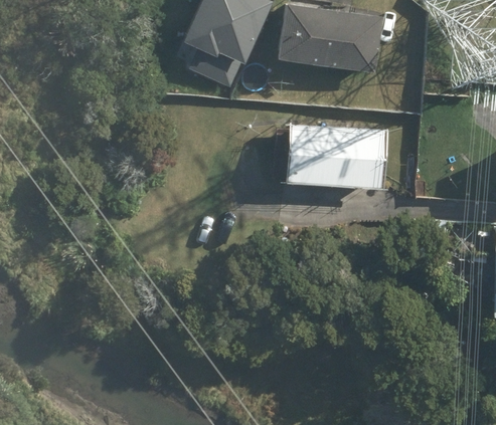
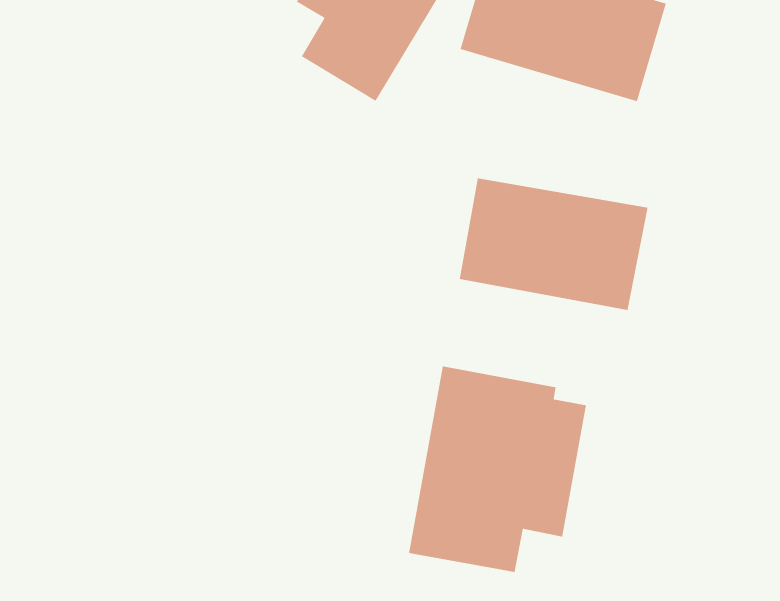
building: none -> [408,365,587,573]

